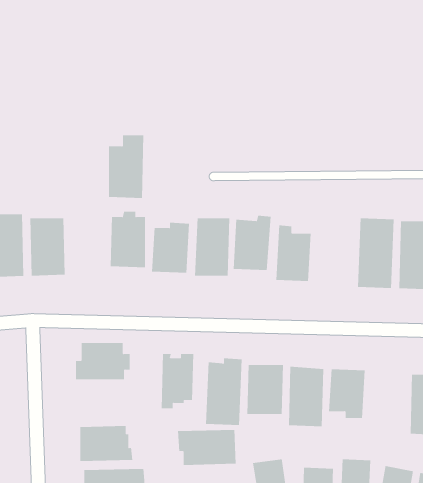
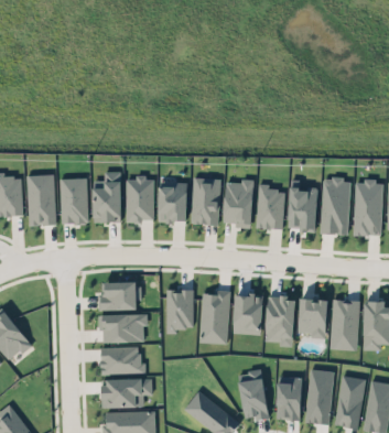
building: [108,135,144,199] -> [93,172,121,223]
building: none -> [288,180,317,232]
building: none -> [329,300,359,350]
building: [177,429,237,465] -> [98,314,145,343]

